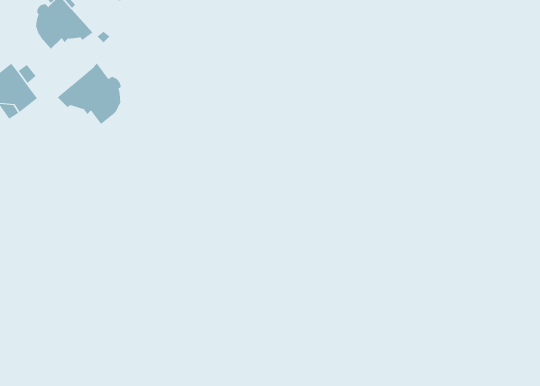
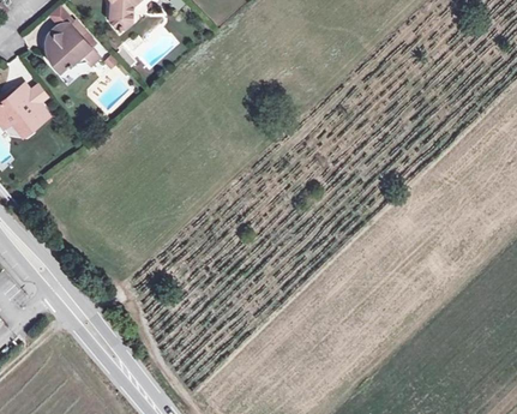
building: [57,63,121,125] -> none

